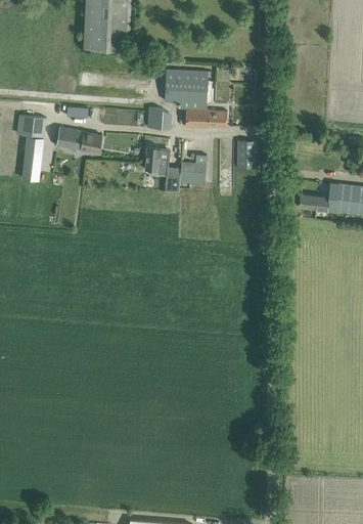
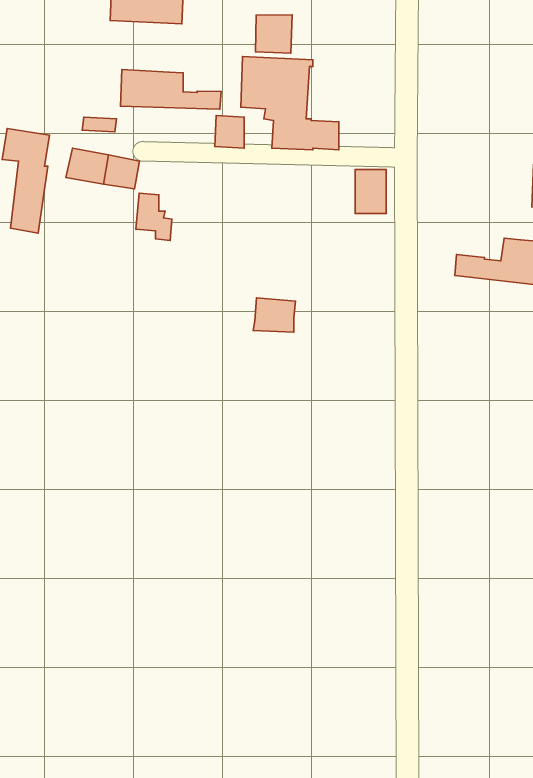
building: none -> [255,15,292,53]
building: none -> [121,70,221,109]
building: [144,146,167,176] -> [136,193,172,241]
building: [179,162,206,183] -> [253,298,296,332]

